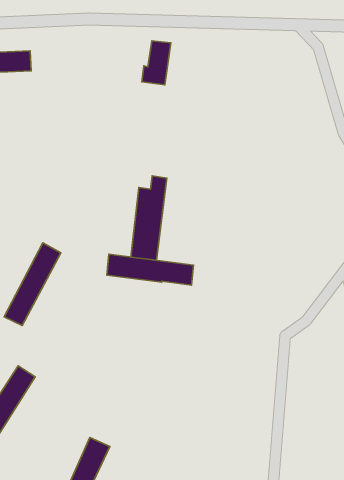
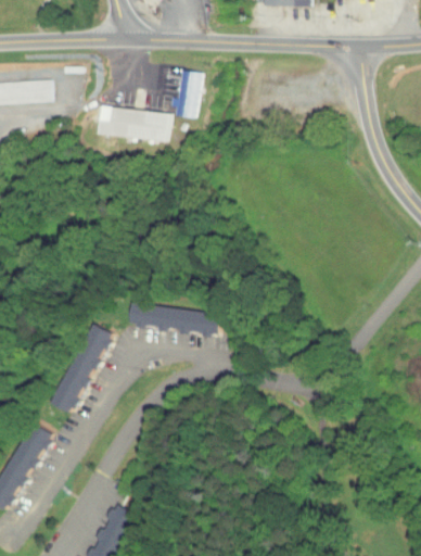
building: none -> [94,106,168,142]
building: [131,176,167,260] -> none
building: [4,243,61,326] -> [51,324,113,414]

